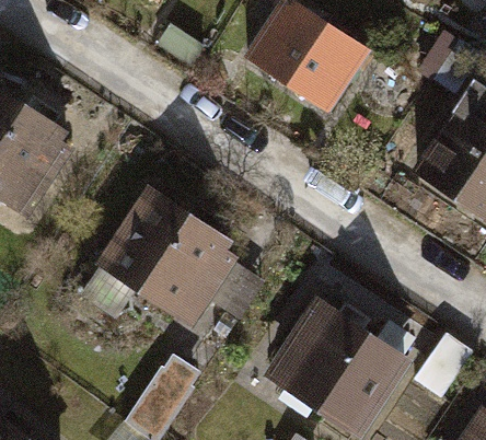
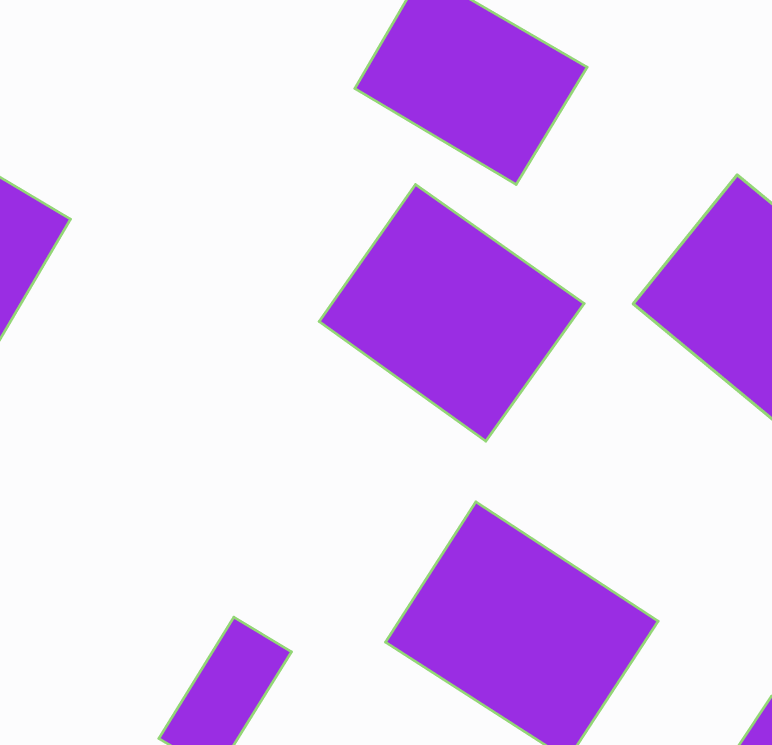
building: none -> [319,184,584,441]
building: [84,183,242,333] -> none

